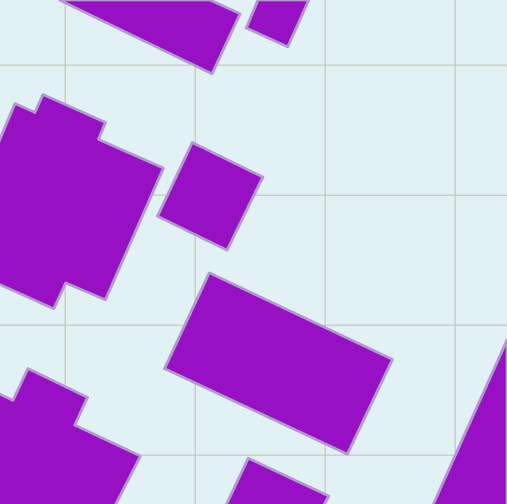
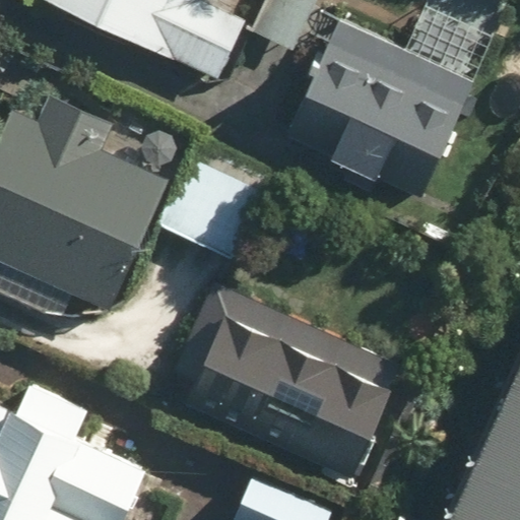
building: none -> [304,19,474,201]

